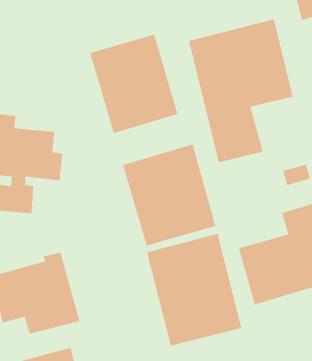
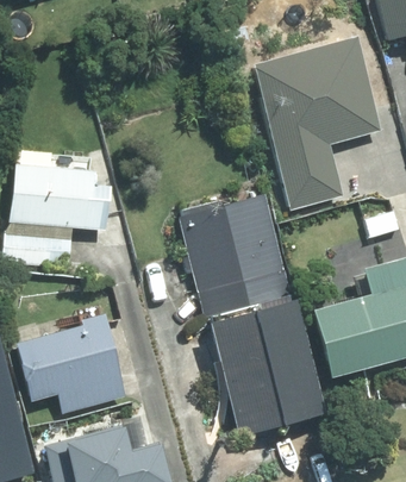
building: [89,34,178,134] -> none

